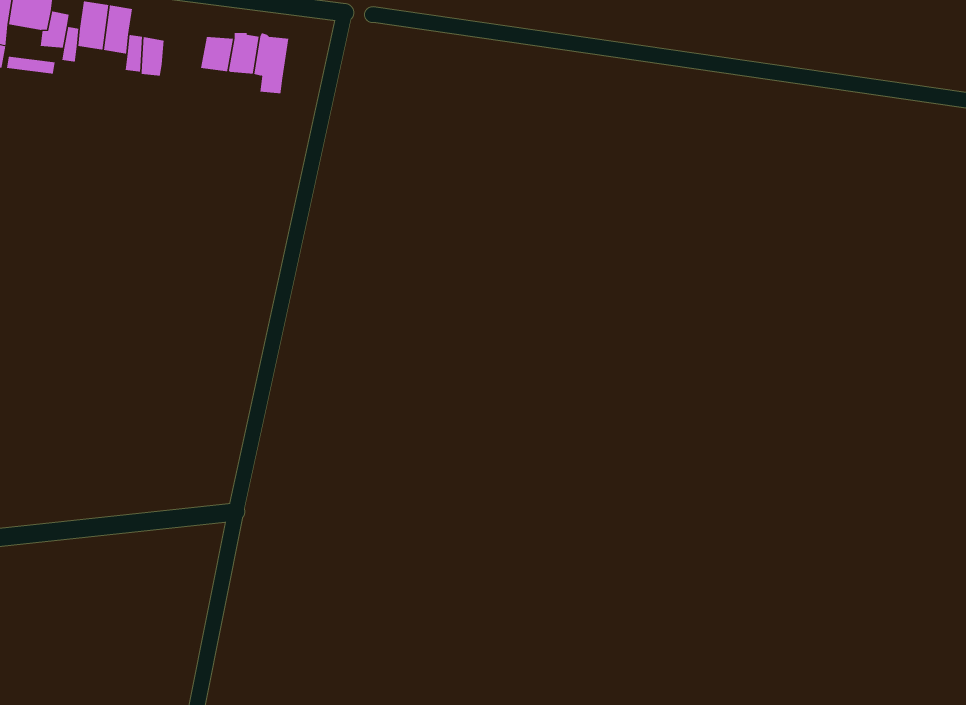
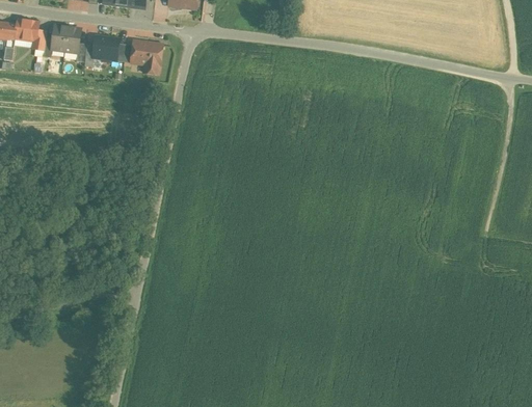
building: none -> [96,36,118,60]

